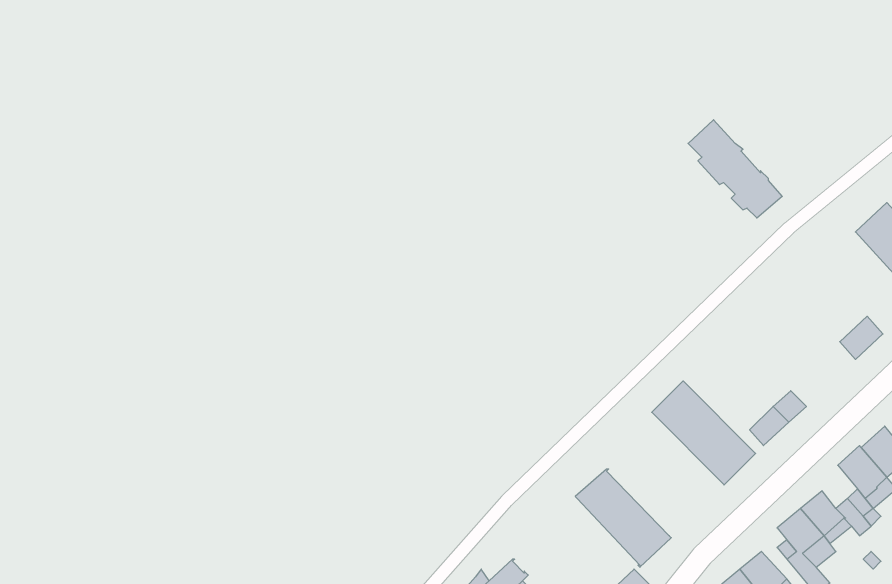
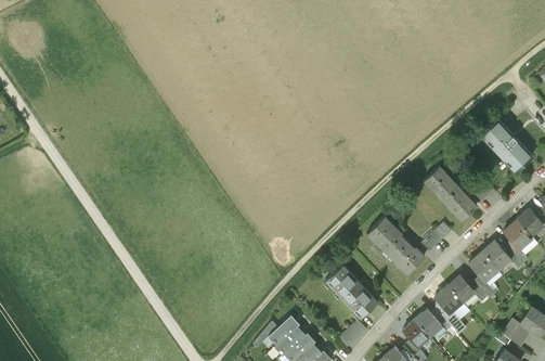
building: [688,120,782,218] -> [425,165,477,219]

